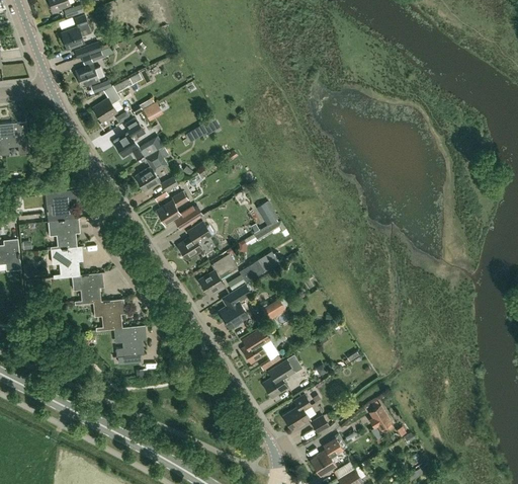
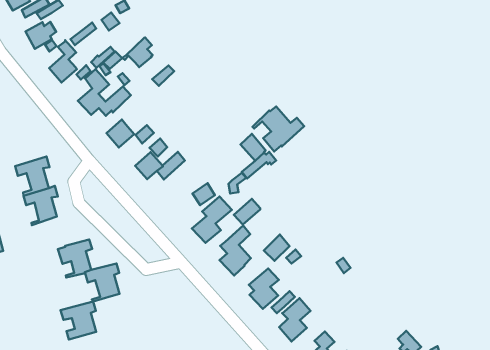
building: [140,146,169,172] -> [122,38,152,67]
building: none -> [253,106,304,151]
building: [177,221,213,259] -> none
building: [52,246,82,277] -> none
building: [113,325,146,356] -> [61,301,96,340]

